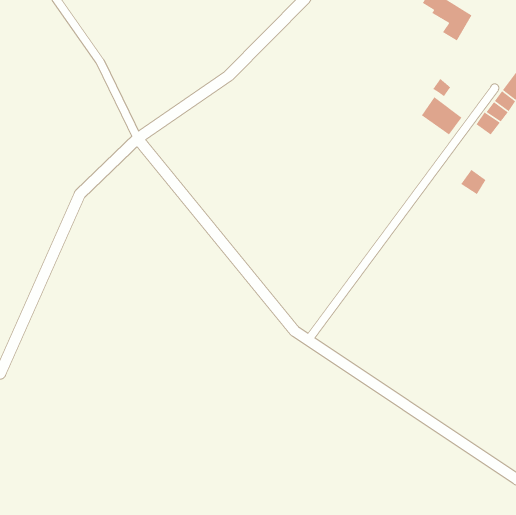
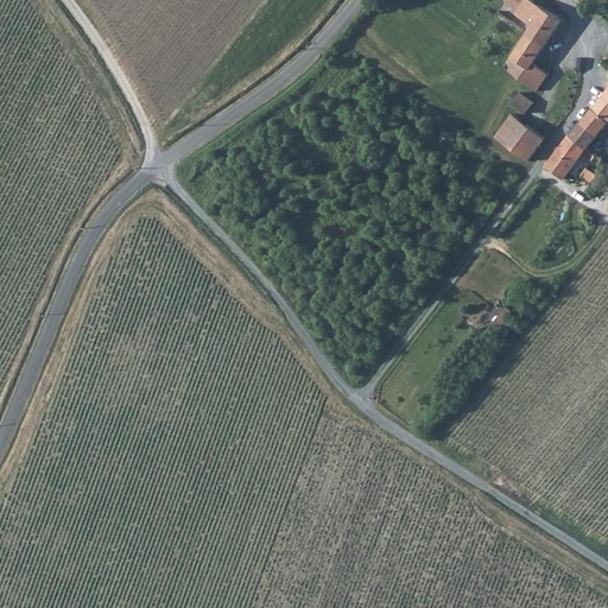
building: none -> [501,38,543,90]
building: [460,169,486,195] -> [546,146,577,177]

